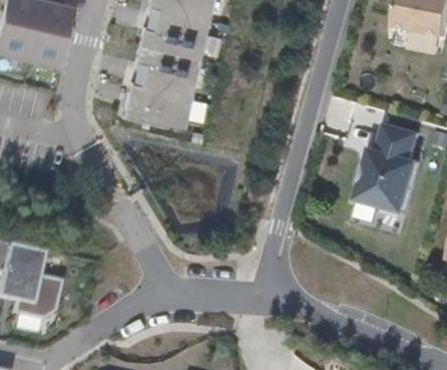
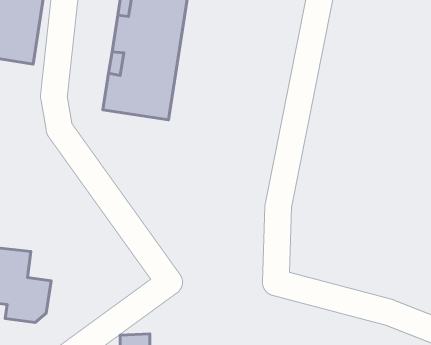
building: [359,125,418,213] -> none

